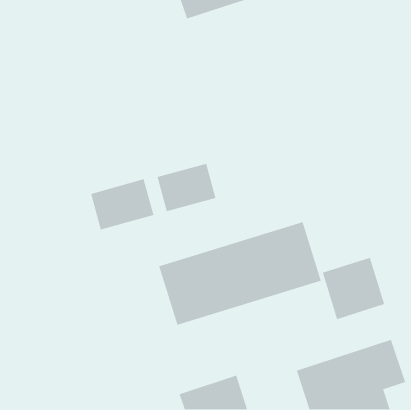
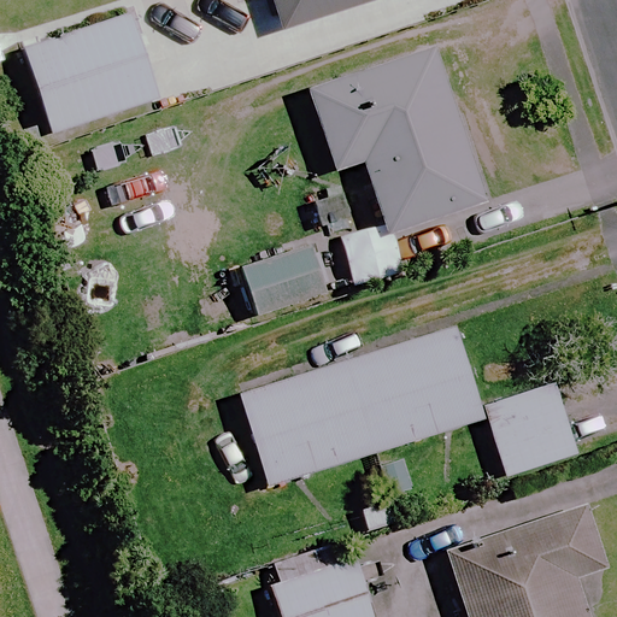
building: none -> [24,13,160,133]
building: none -> [310,48,487,234]
building: [90,178,154,231] -> none

